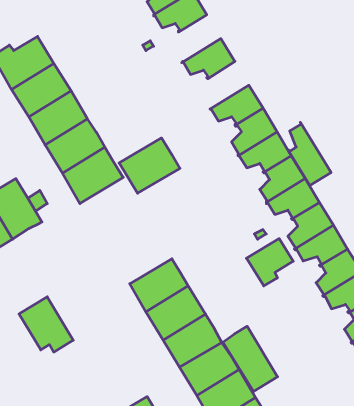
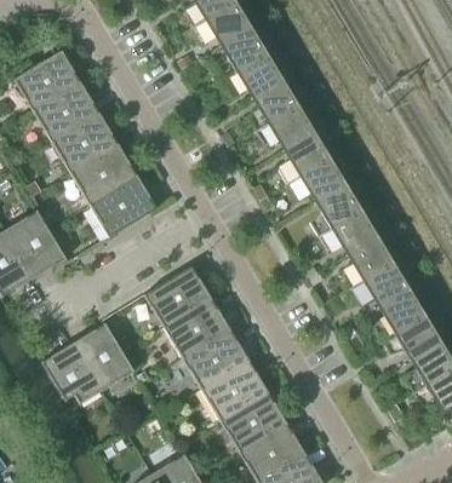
building: none -> [217,27,268,80]
building: none -> [248,79,299,132]
building: [288,122,331,185] -> none
building: [119,138,180,193] -> [145,265,213,327]
building: [246,239,293,286] -> none
building: none -> [74,322,135,390]
building: [223,326,278,391] -> none

